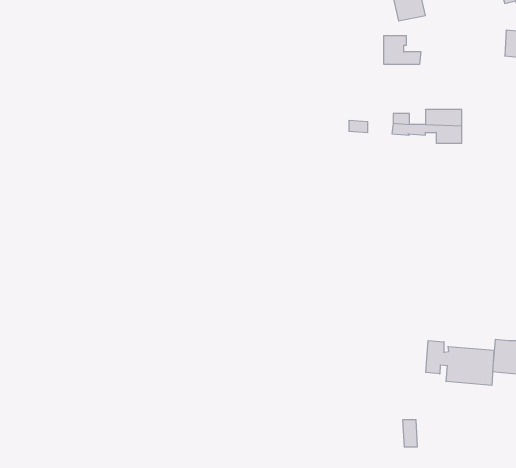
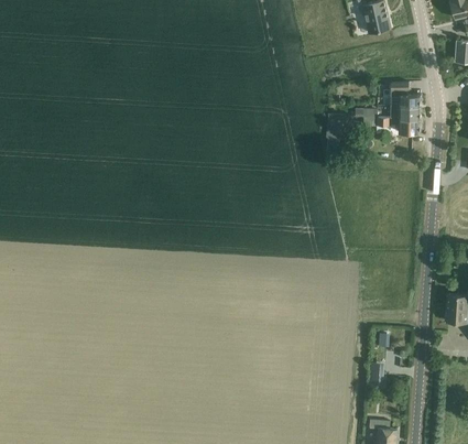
building: [384,36,421,64] -> [390,83,421,106]
building: [426,341,494,385] -> none

